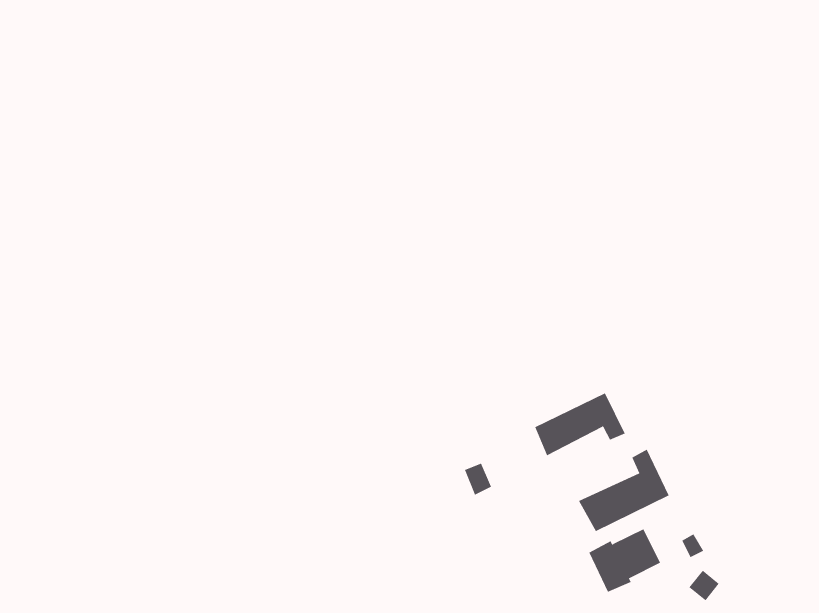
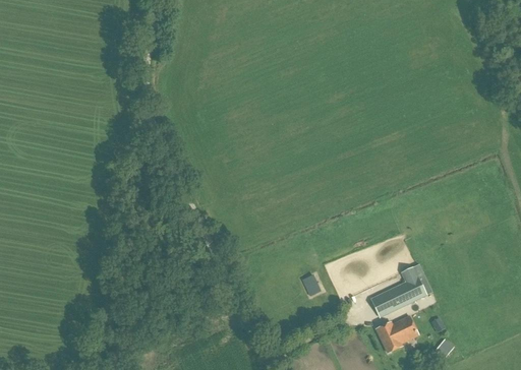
building: [534,392,625,456] -> none

